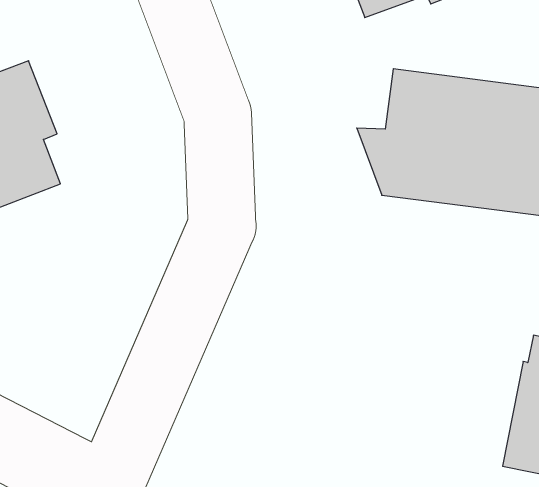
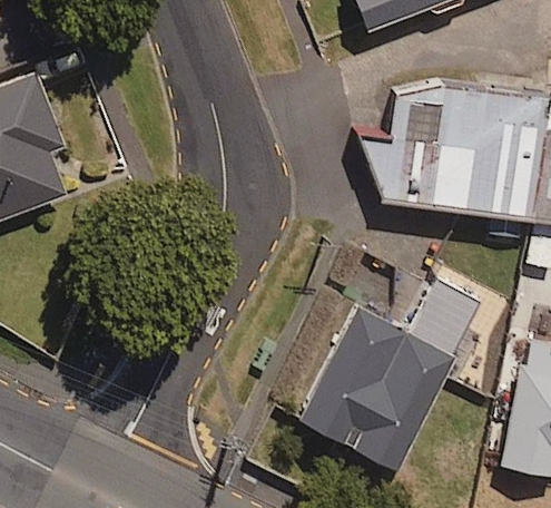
building: none -> [295,275,482,471]

